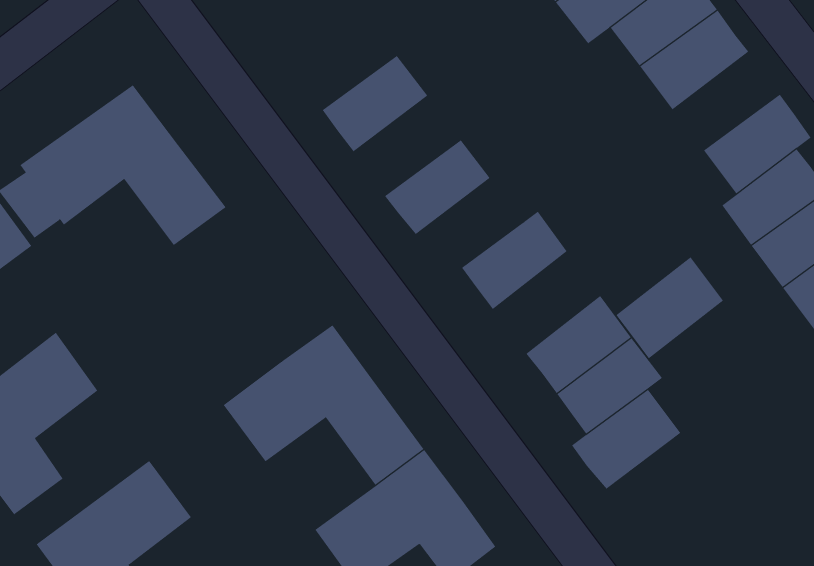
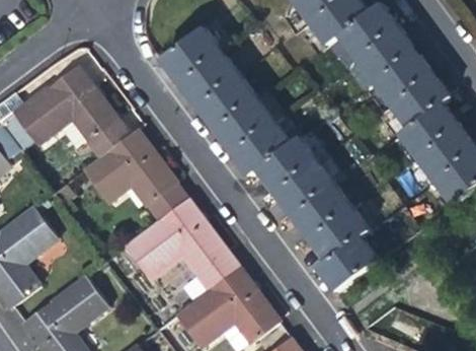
building: none -> [161,26,222,82]
building: none -> [374,50,433,104]
building: none -> [197,74,257,130]
building: none -> [232,120,292,176]
building: none -> [73,131,186,221]
building: [616,257,724,359] -> [274,160,334,217]

